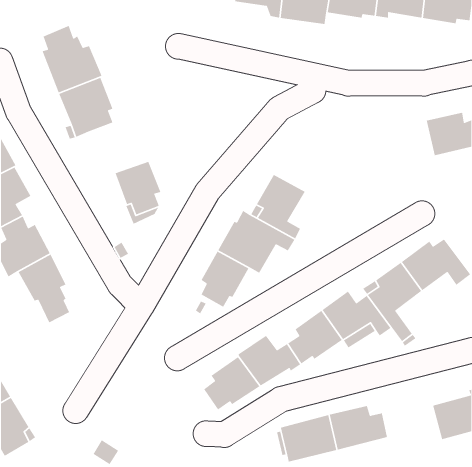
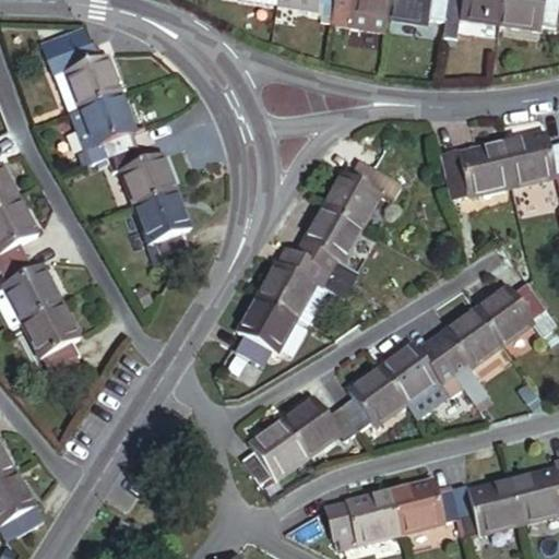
building: none -> [442,142,513,198]
building: none -> [105,145,176,204]
building: none -> [323,159,402,226]
building: none -> [452,478,522,535]

